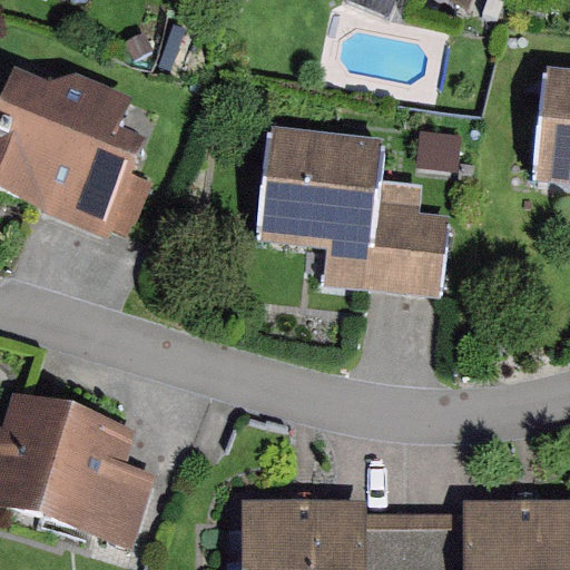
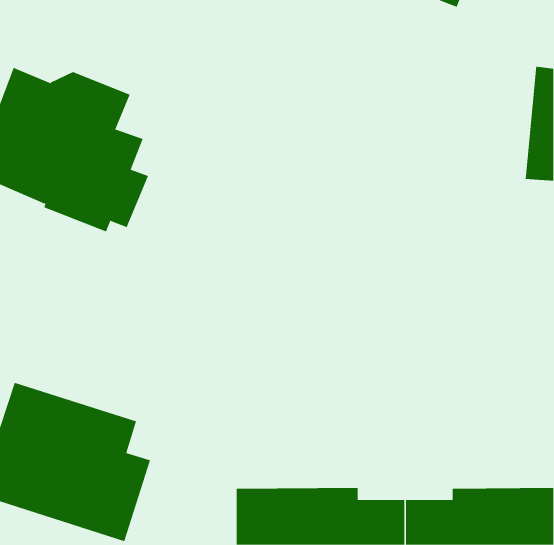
building: [262,128,446,298] -> none

